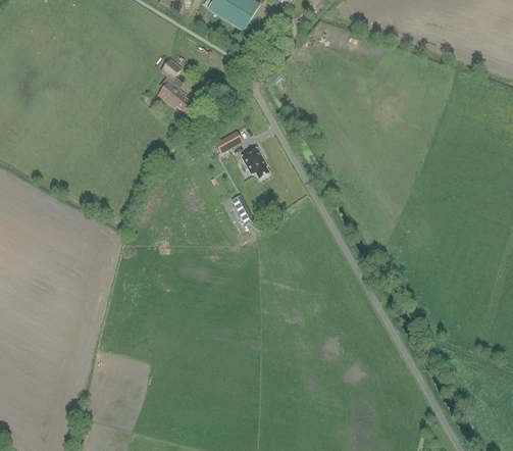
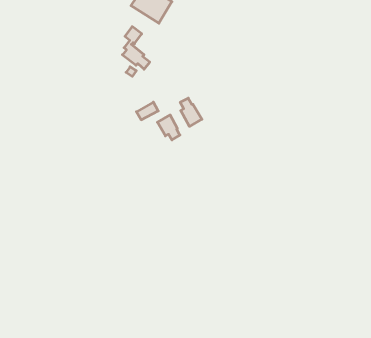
building: [158,58,193,112] -> [122,27,150,69]
building: none -> [180,98,202,126]

